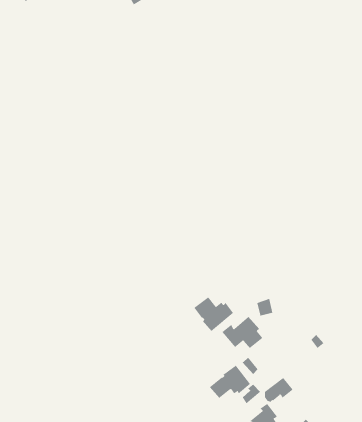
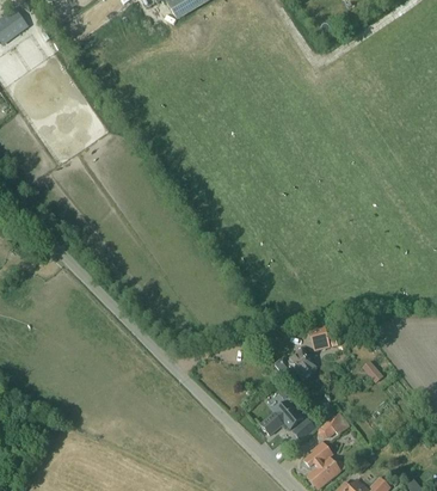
building: [193,296,234,332] -> none

